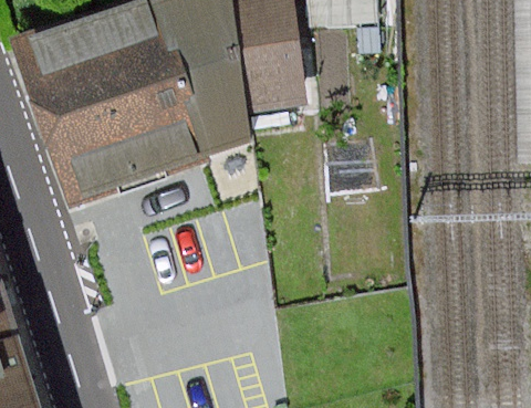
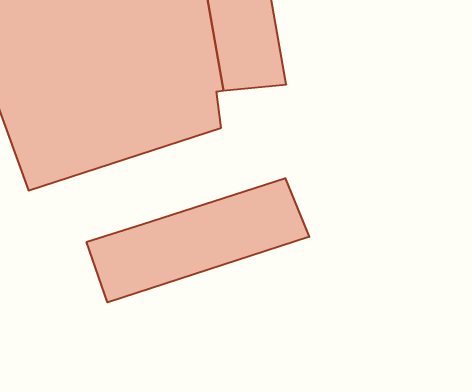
building: none -> [87,178,309,302]

